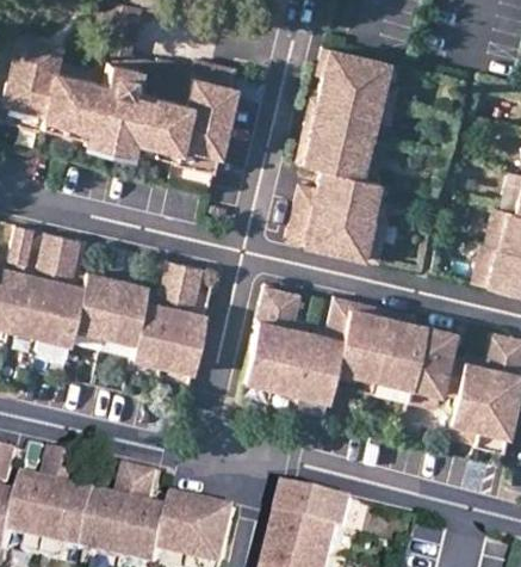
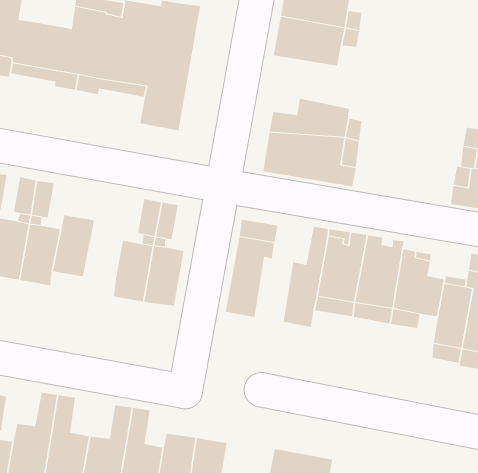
building: [297,125,370,178] -> none
building: [104,281,148,343] -> none
building: [273,327,314,393] -> none
building: [285,488,358,536] -> none

